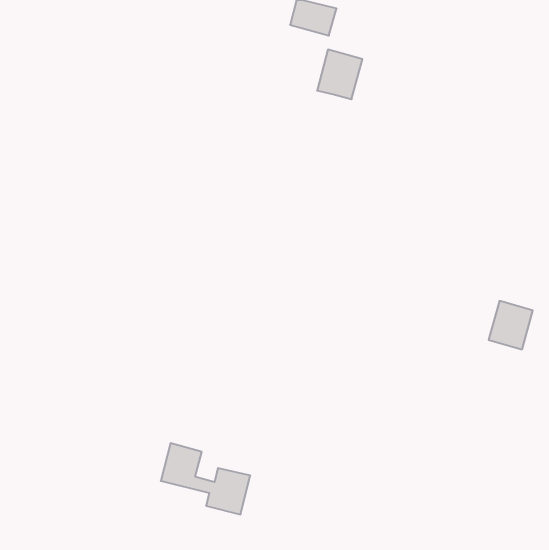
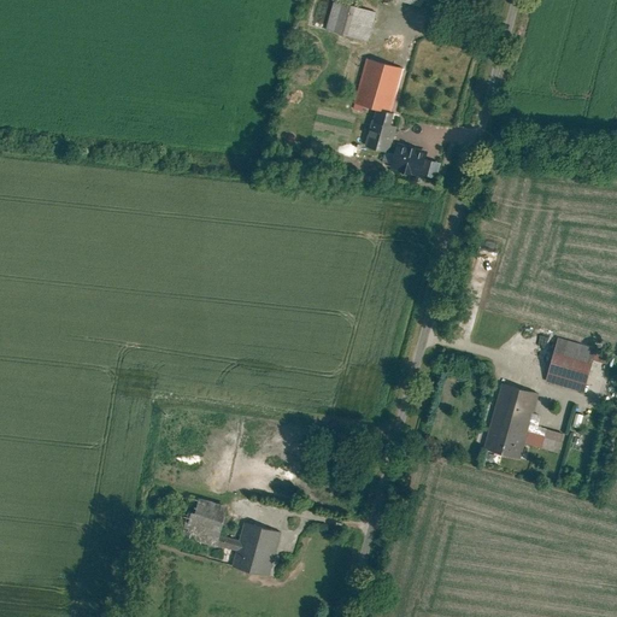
building: none -> [365,107,425,176]
building: none -> [482,384,564,459]

